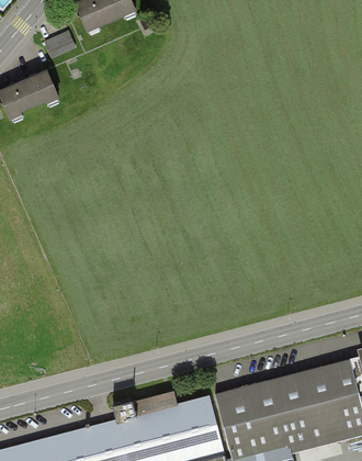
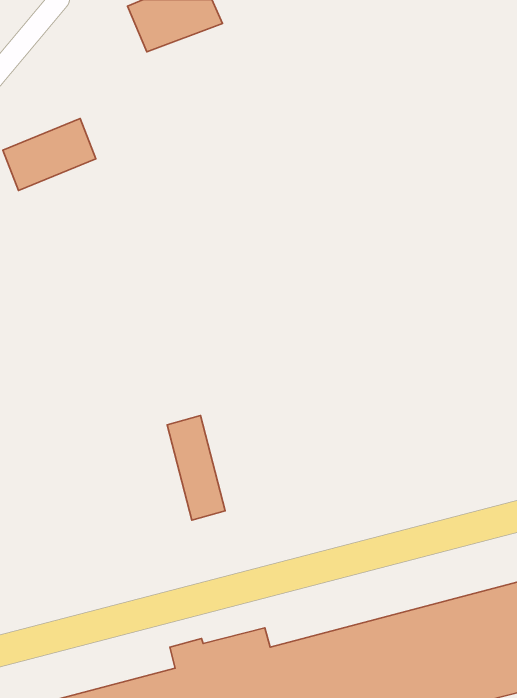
building: [47,32,80,59] -> none
building: none -> [167,416,225,520]

